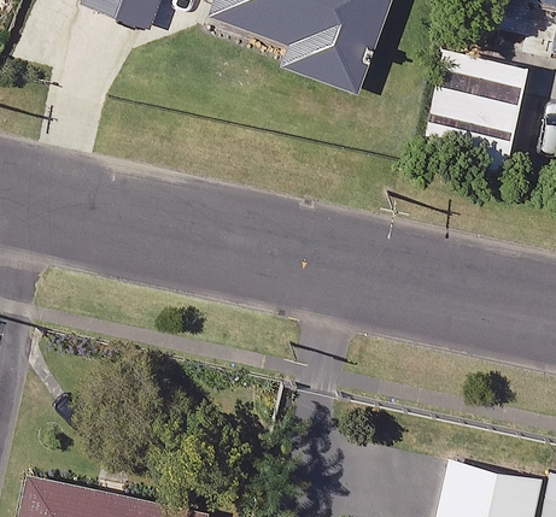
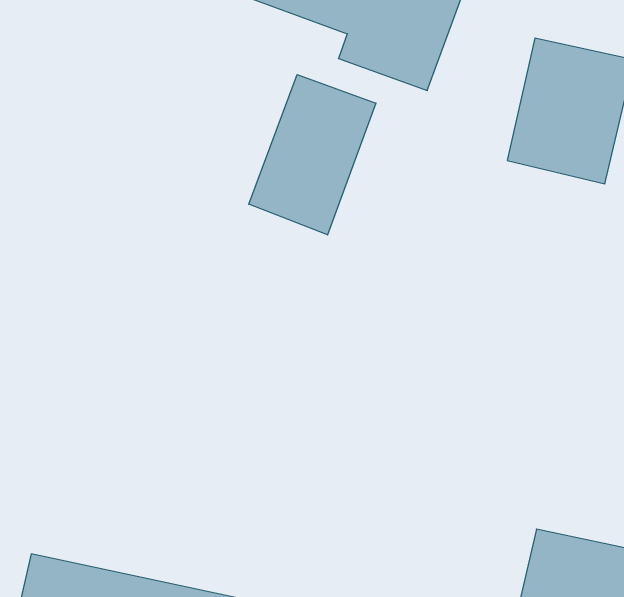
building: none -> [249,75,376,235]

